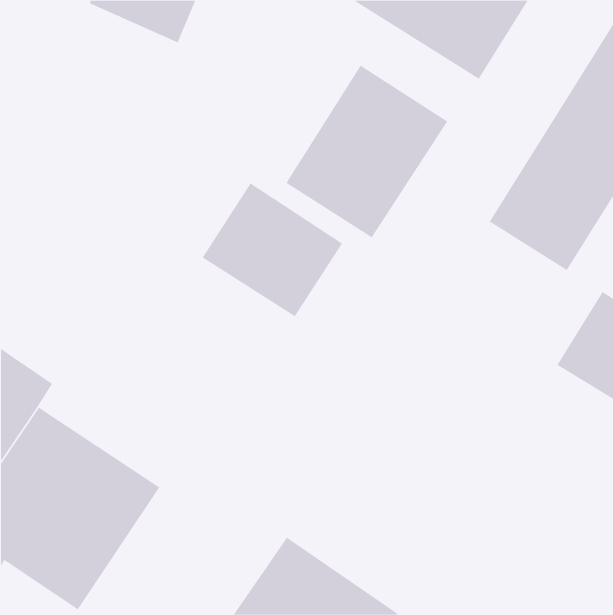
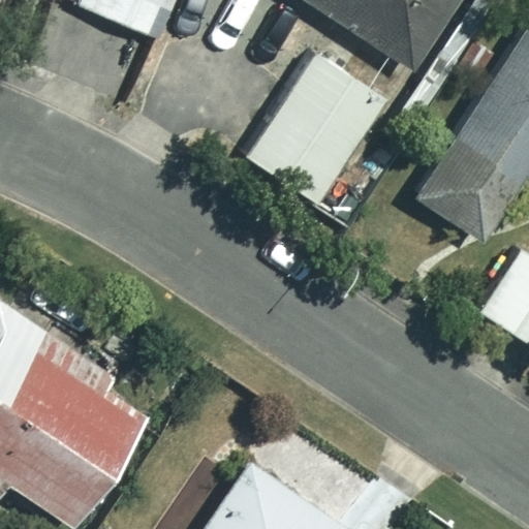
building: [202,183,343,317] -> none

